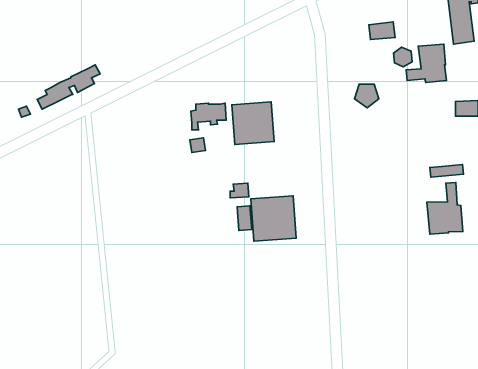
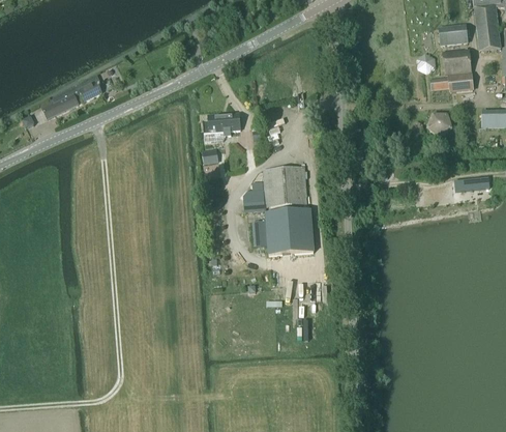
building: [369,22,395,40] -> [439,26,467,45]
building: [354,84,379,108] -> [426,114,452,139]
building: [232,102,274,144] -> [263,167,307,211]
building: [427,183,463,234] -> none

